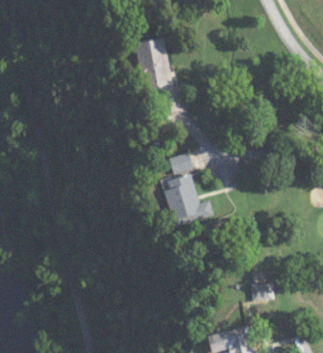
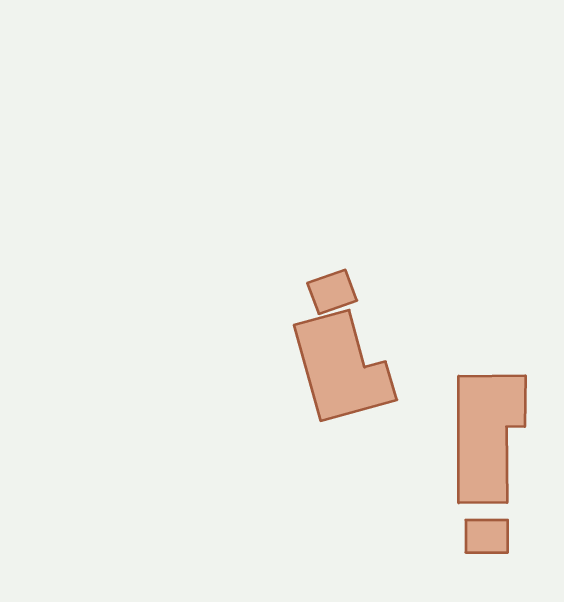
building: [133,35,173,94] -> none
building: none -> [459,376,525,503]

